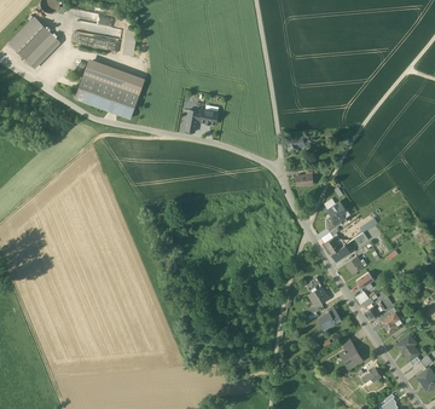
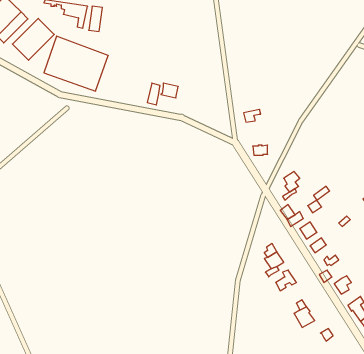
building: none -> [12,18,54,60]

